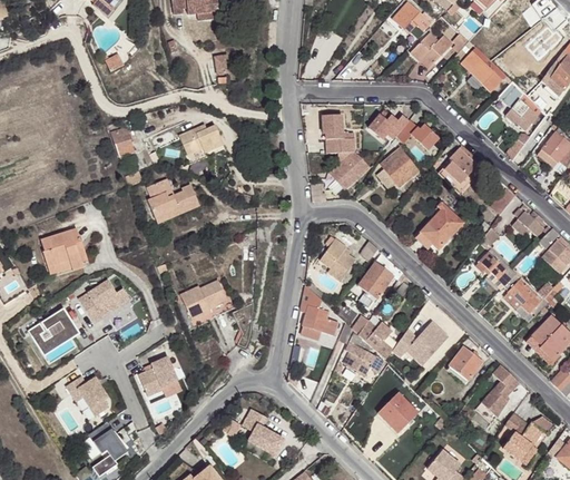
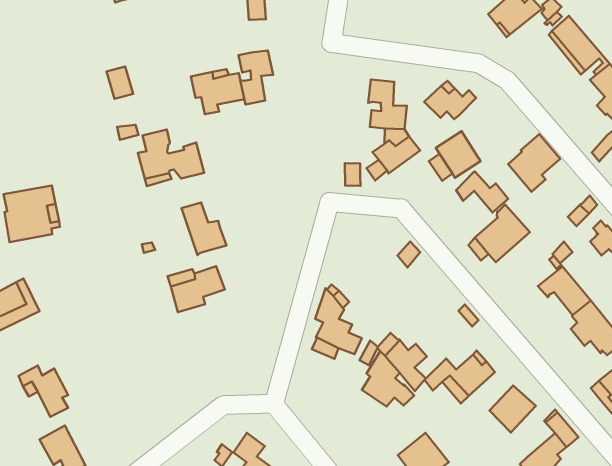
building: none -> [239,50,273,105]
building: [396,120,439,151] -> [456,171,508,212]
building: none -> [181,203,227,255]
building: [320,237,355,282] -> none
building: [357,254,403,301] -> none
building: [79,277,130,320] -> none
building: [139,353,179,393] -> none

